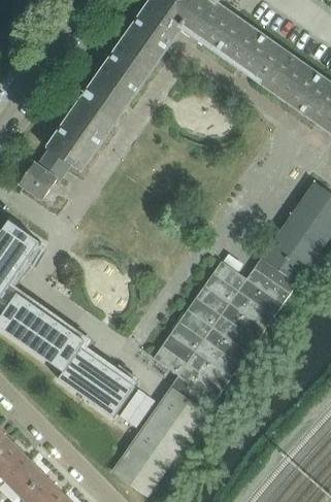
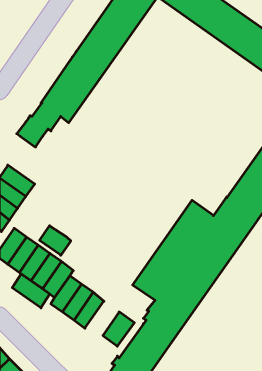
building: none -> [40,226,71,255]
building: none -> [12,274,50,308]
building: [98,375,134,415] -> none

